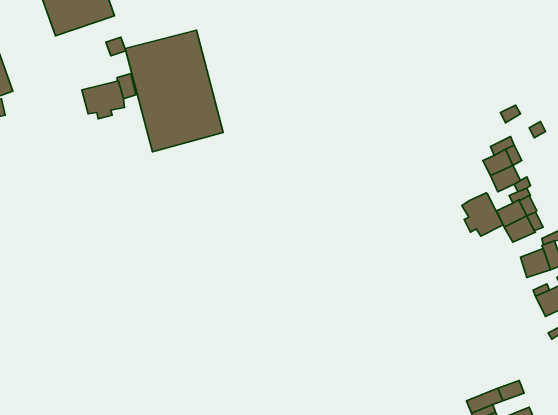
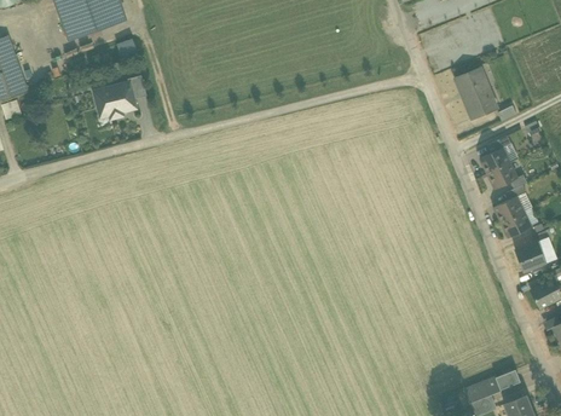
building: [125,30,223,152] -> none
building: none -> [455,68,496,119]
building: [462,193,503,236] -> none

